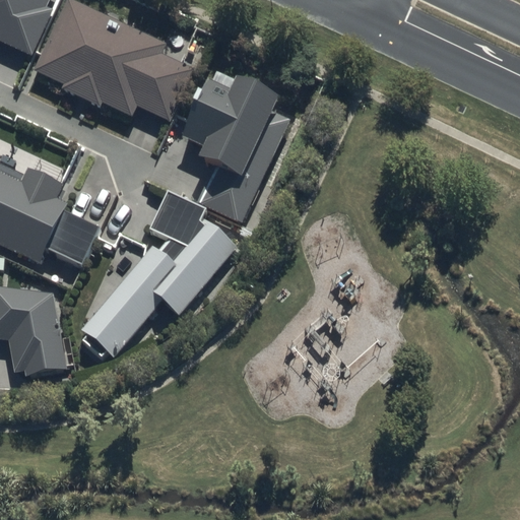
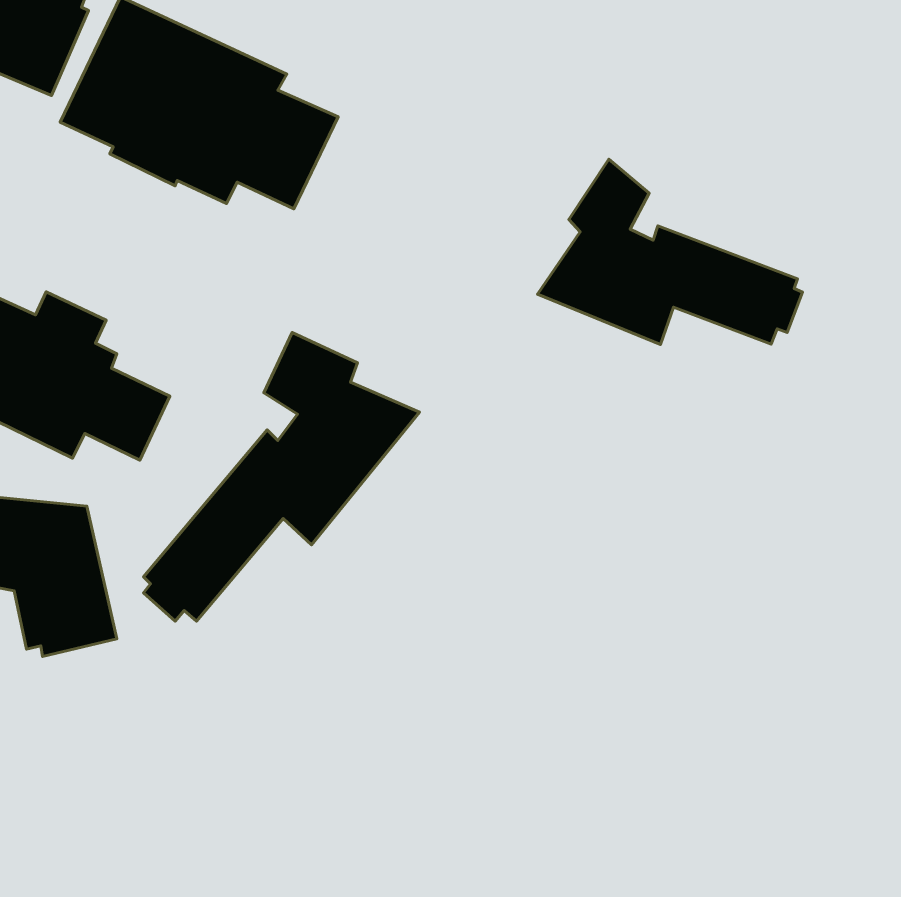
building: [182,70,289,228] -> none
building: none -> [537,159,802,344]

